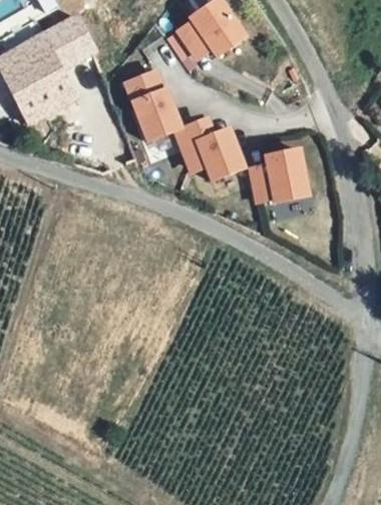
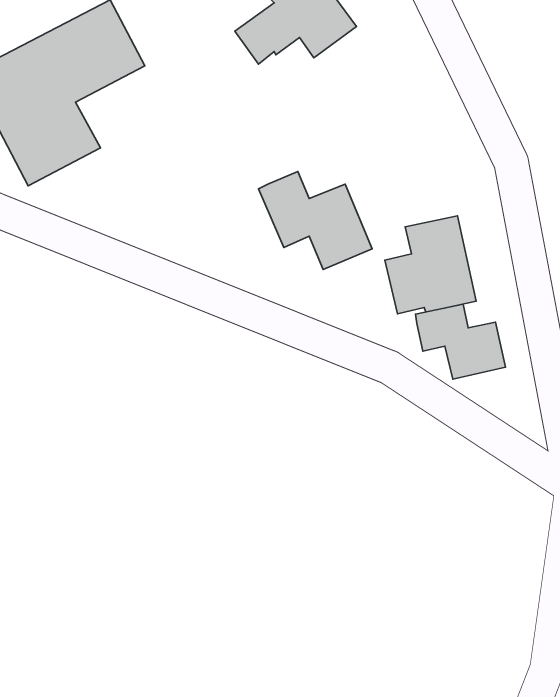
building: [121,70,179,141] -> none
building: none -> [415,304,505,379]

